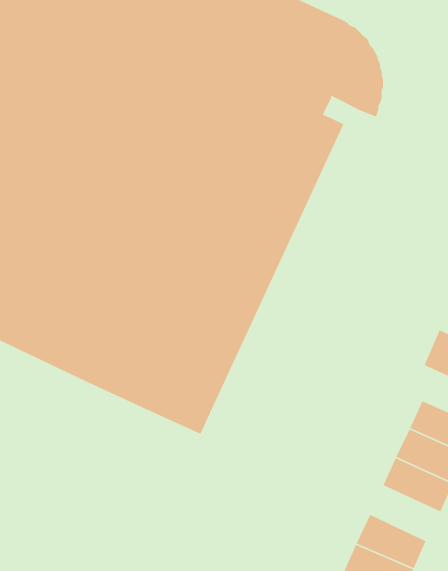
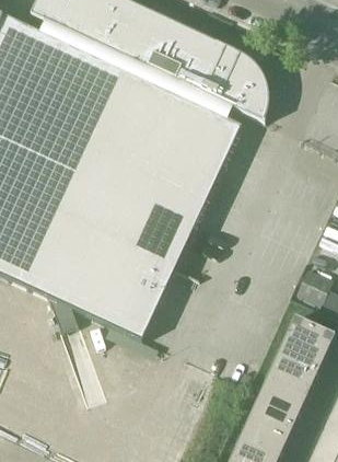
building: none -> [260,374,310,413]

